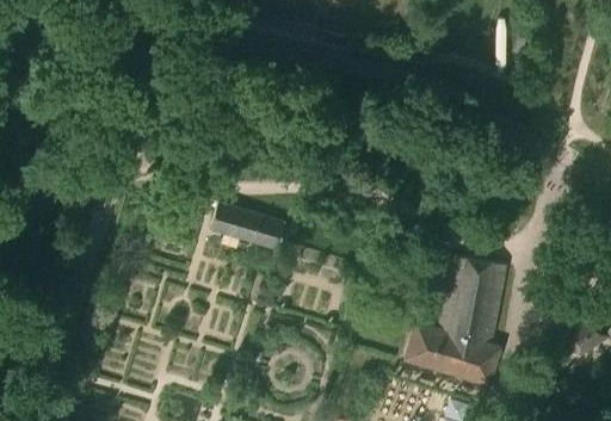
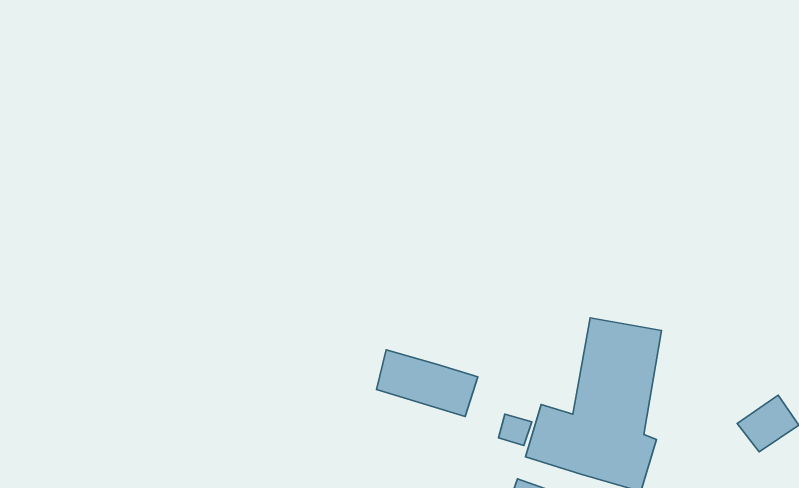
building: [209,200,285,250] -> [377,350,478,416]

